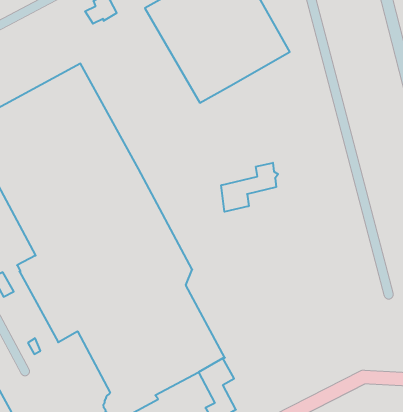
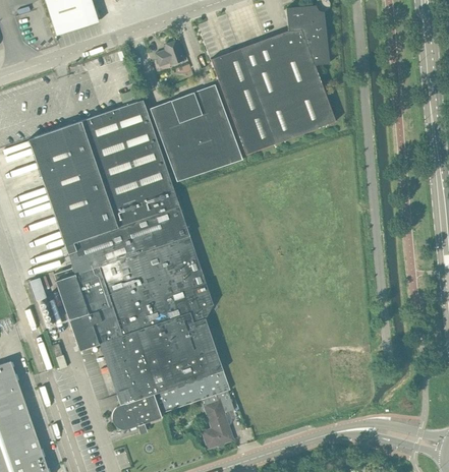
building: none -> [150,83,242,181]
building: [221,163,278,212] -> none

